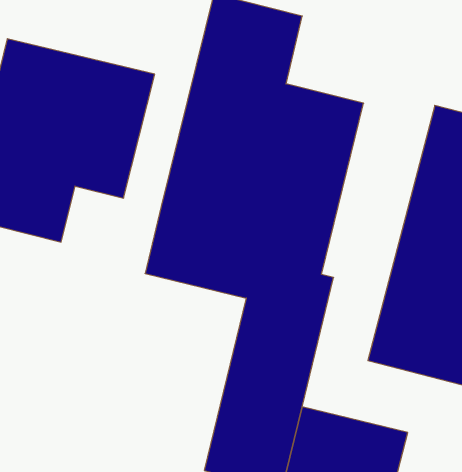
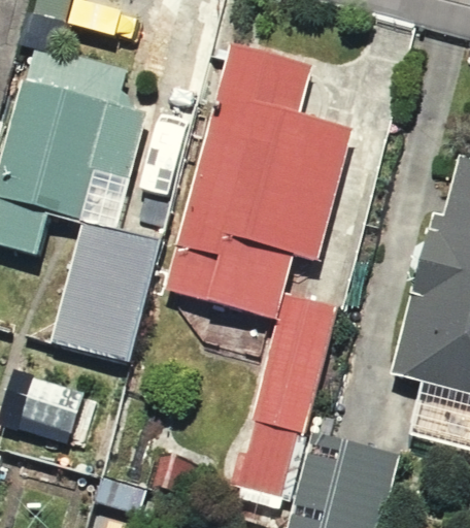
building: none -> [58,212,172,363]

